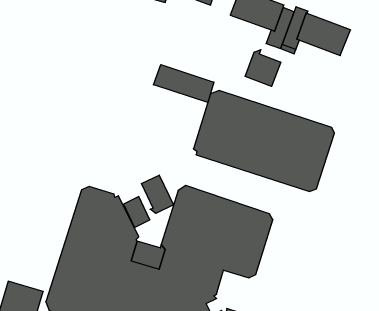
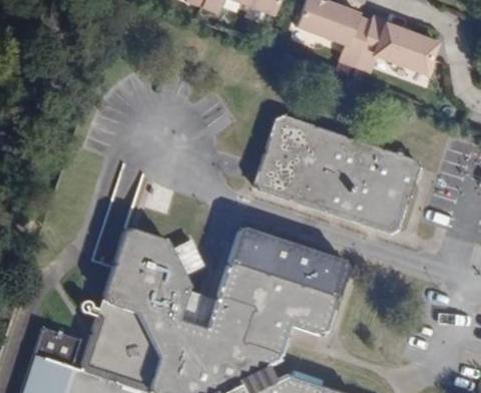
building: [245,50,281,86] -> none
building: [153,65,214,103] -> none
building: [142,175,174,213] -> none

